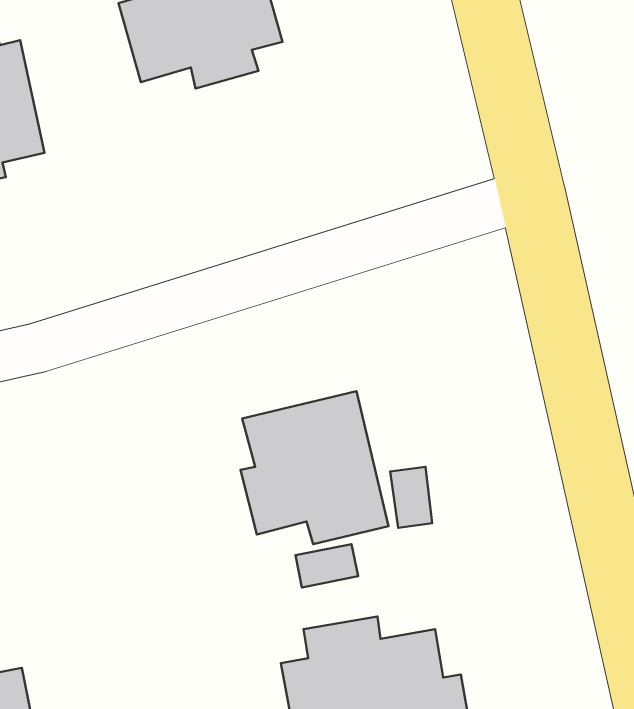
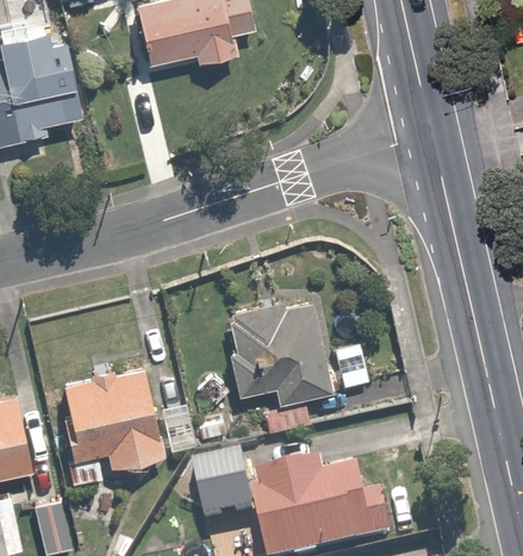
building: none -> [55,362,167,495]
building: none -> [189,441,241,513]

